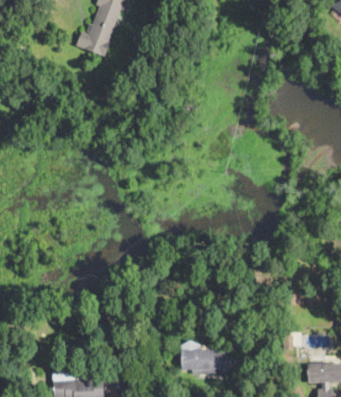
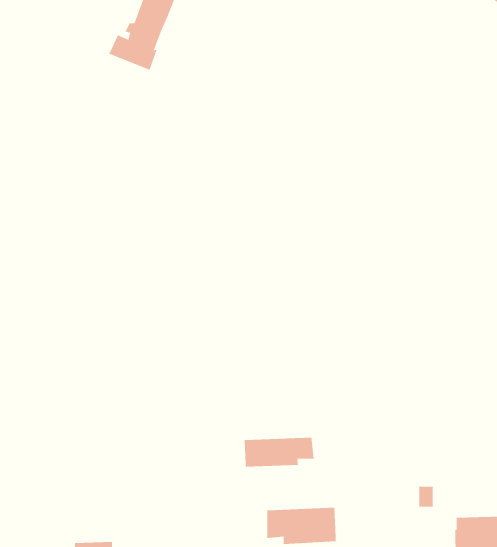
building: none -> [244,437,314,467]

